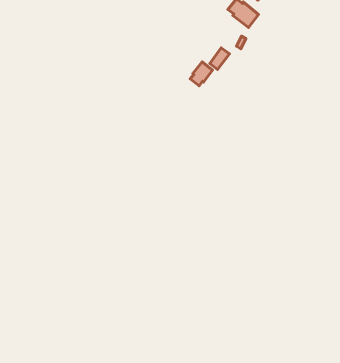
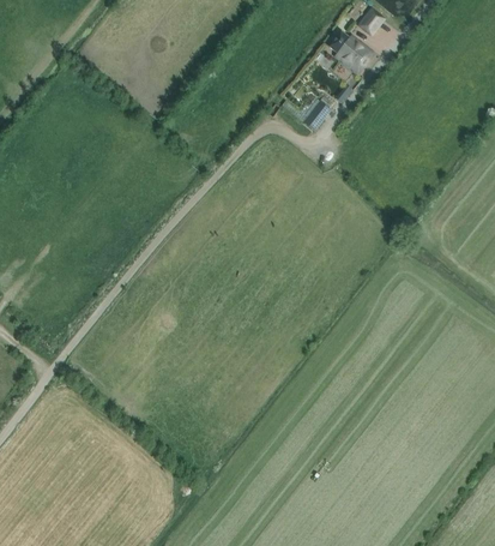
building: [190,62,213,86] -> none

